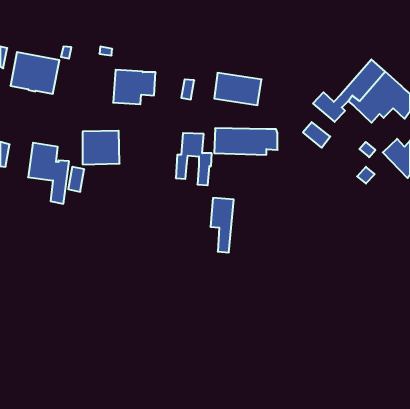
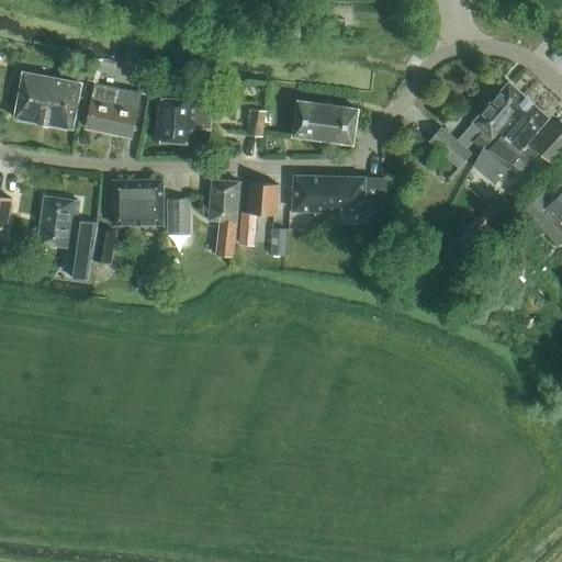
building: none -> [86,85,140,137]
building: [303,122,330,148] -> [474,154,512,189]
building: none -> [167,199,191,235]
building: [210,198,234,252] -> [209,180,240,255]

